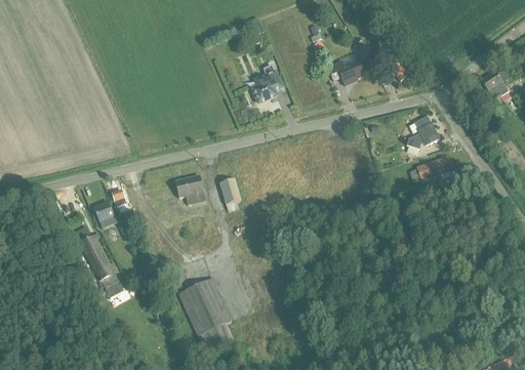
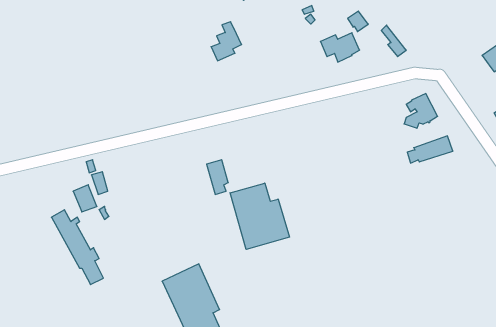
building: [252,65,281,101] -> [211,22,242,61]
building: [174,176,205,205] -> none
building: none -> [230,183,290,249]

